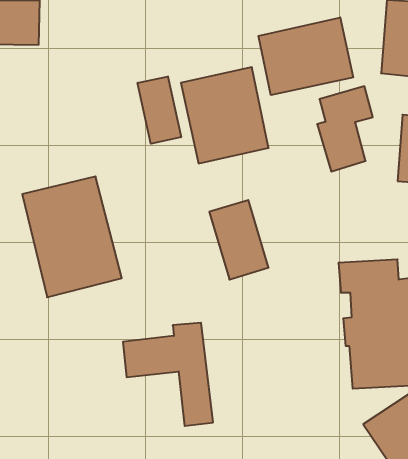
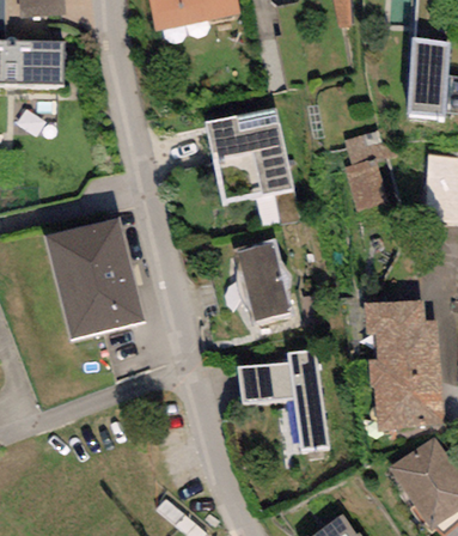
building: [258,17,353,95] -> none
building: [138,76,181,144] -> none
building: [123,323,213,426] -> [237,348,328,452]

